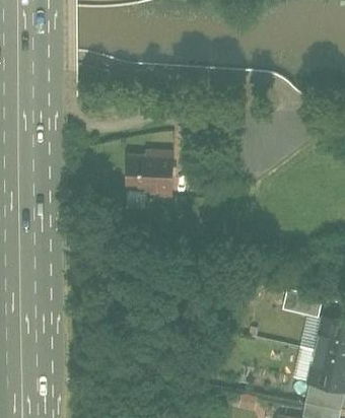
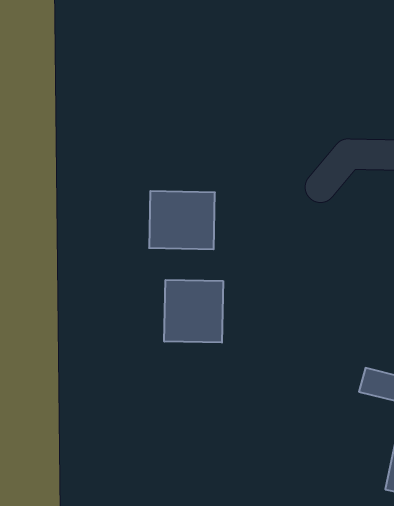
building: none -> [164,280,223,343]

